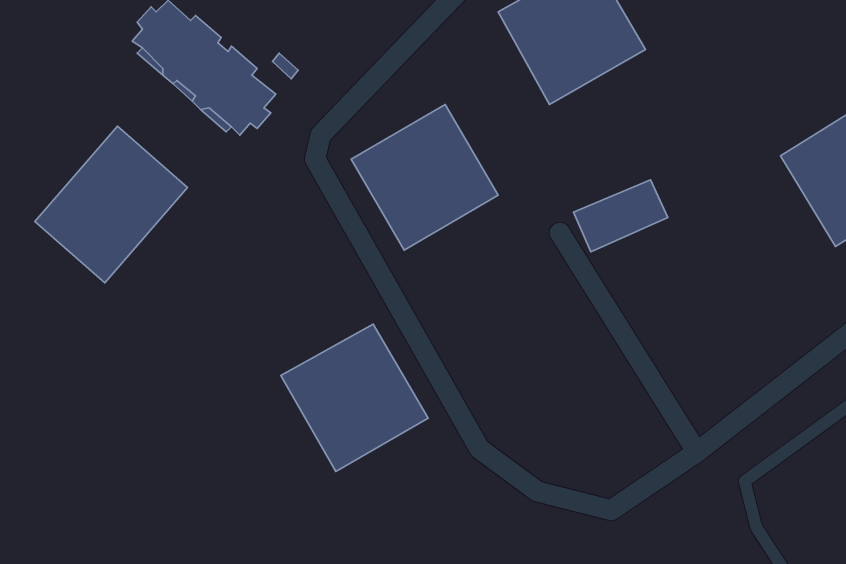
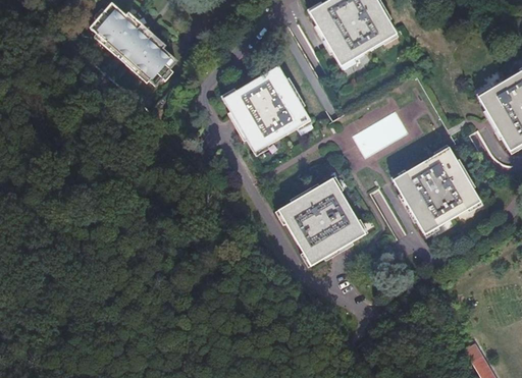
building: [35,126,188,283] -> none
building: none -> [393,148,479,234]
building: [281,324,428,471] -> [276,177,364,265]

